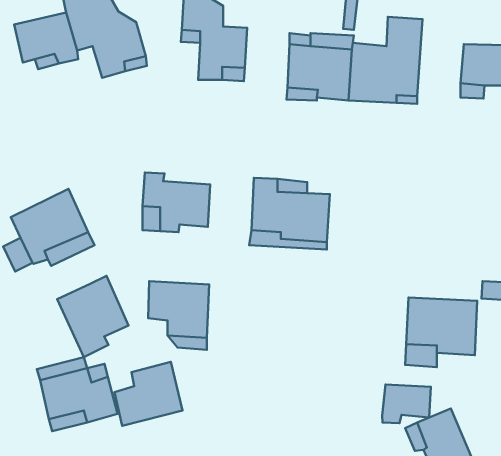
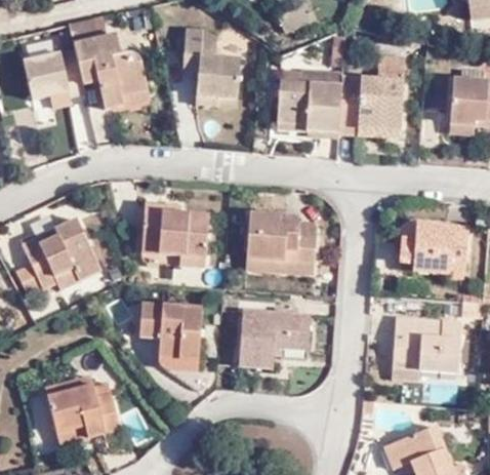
building: none -> [394,227,464,276]
building: [57,276,129,357] -> none
building: none -> [243,310,312,369]
building: [115,362,183,426] -> none
building: [382,385,431,423] -> none

